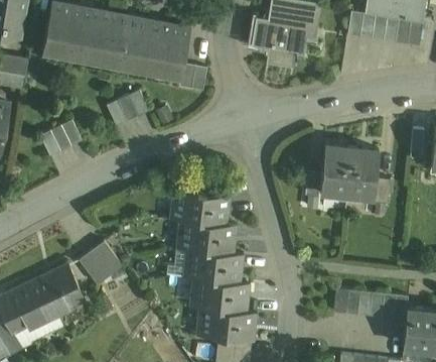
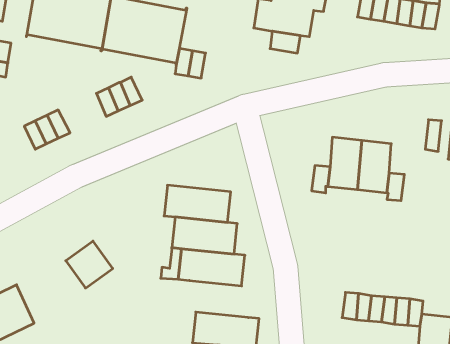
building: [33,264,85,317] -> none
building: [189,277,250,312] -> none

